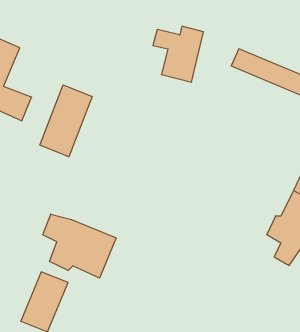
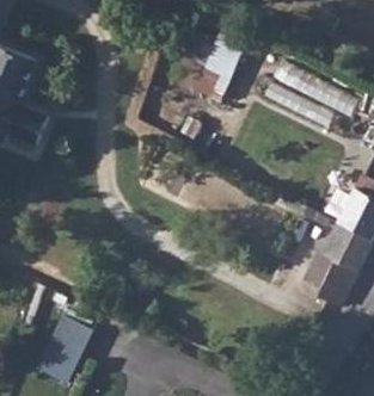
building: [40,85,92,157] -> none
building: [43,214,116,278] -> none

